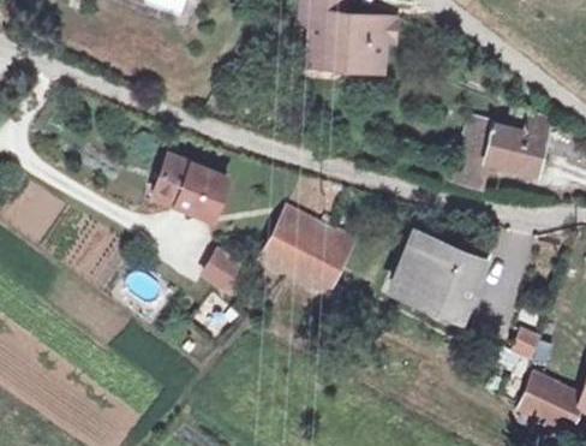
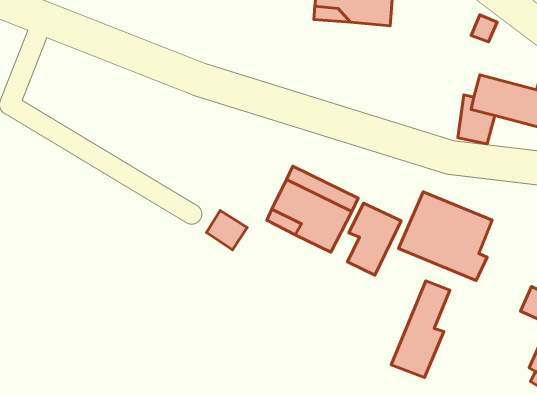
building: [153,155,227,218] -> none
building: none -> [348,203,401,275]
building: none -> [391,281,450,378]

